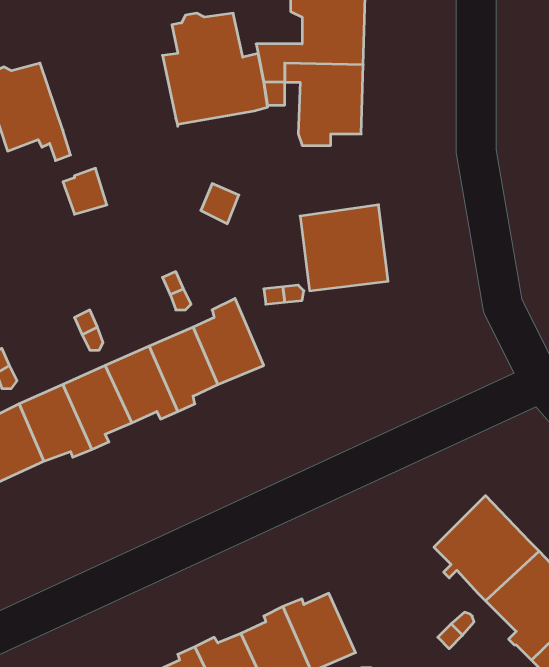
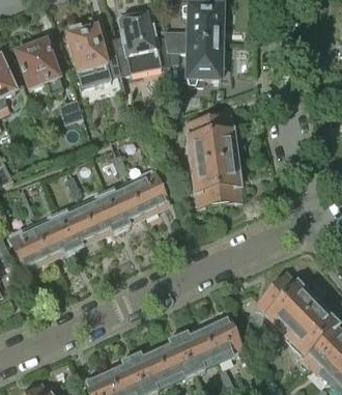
building: none -> [67,25,108,80]
building: none -> [193,159,240,205]
building: none -> [203,317,241,360]

